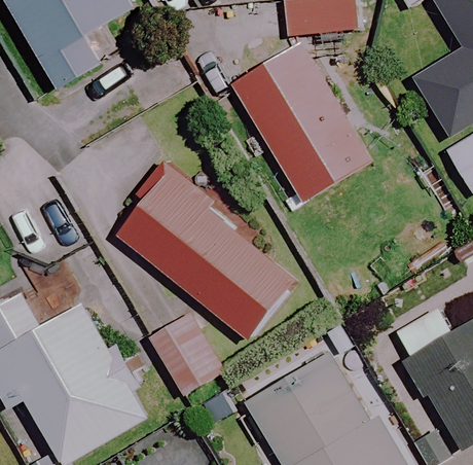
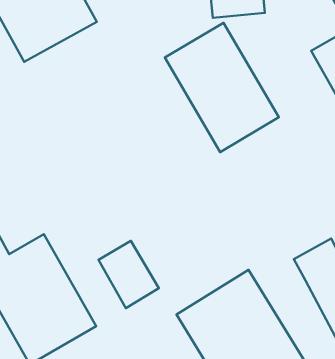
building: [115,167,297,341] -> none

